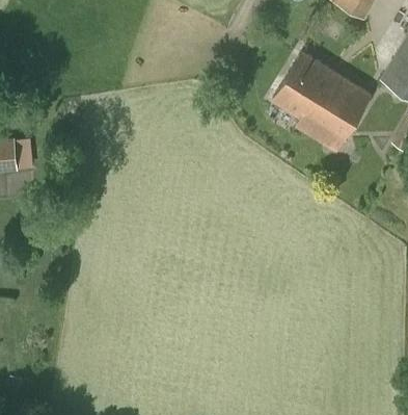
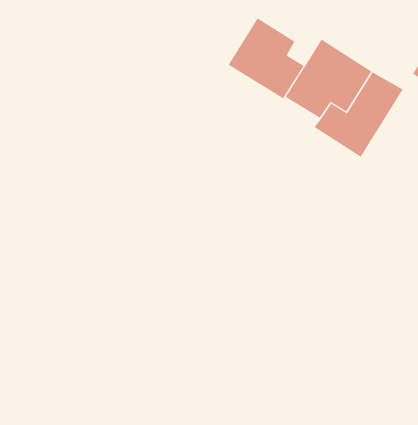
building: none -> [228,18,304,99]

